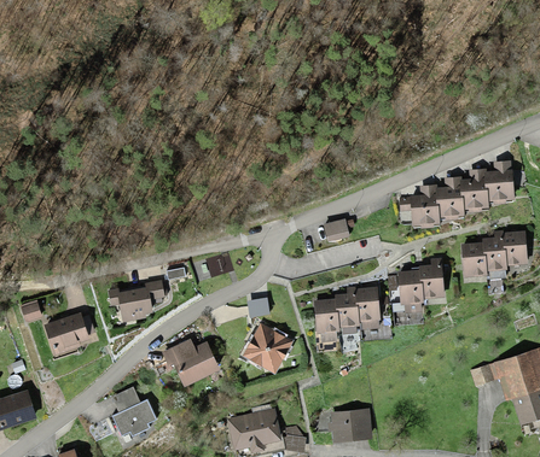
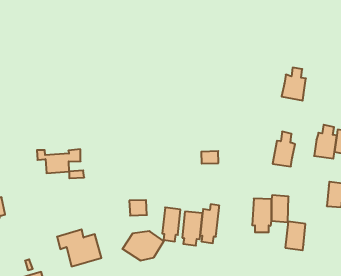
building: [436,177,463,216] -> [282,68,306,101]
building: [464,242,487,275] -> [285,221,305,250]
building: [108,281,163,316] -> [37,149,81,173]
building: [355,288,376,328] -> [162,207,180,241]

